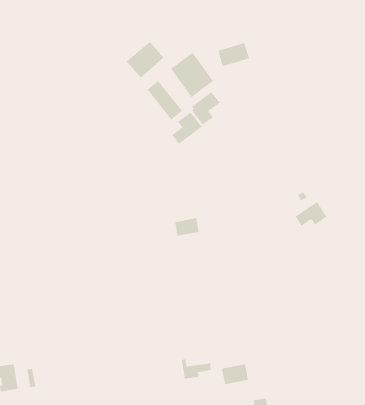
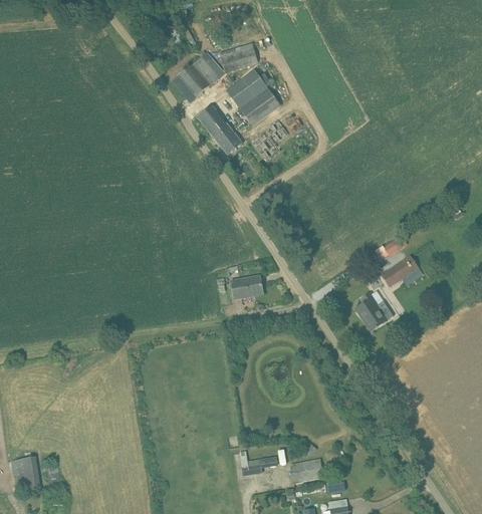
building: [217,42,250,67] -> [220,41,260,71]
building: [172,112,202,145] -> none
building: none -> [356,292,394,329]

